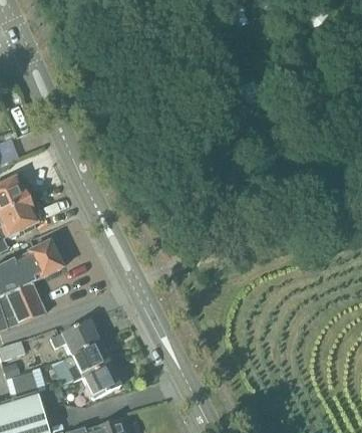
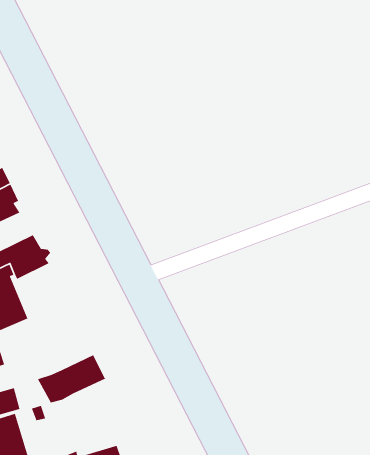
building: [50,320,99,357] -> none
building: [82,365,120,400] -> none

